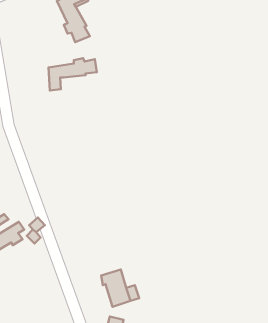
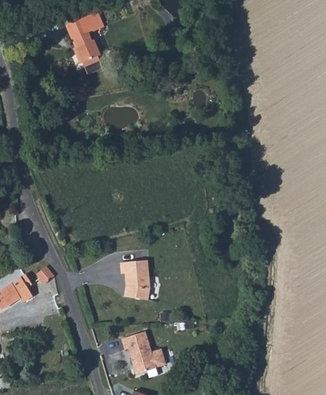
building: [48,58,97,90] -> none
building: none -> [121,264,148,302]

